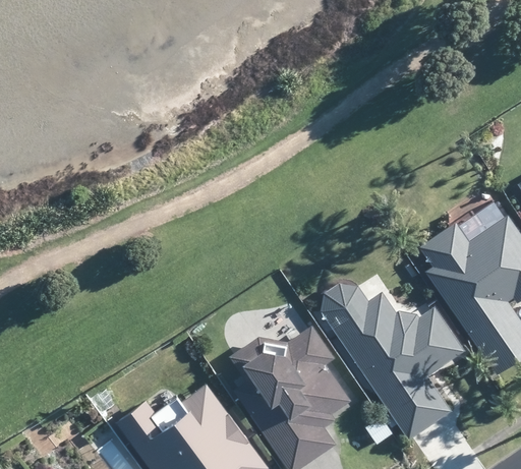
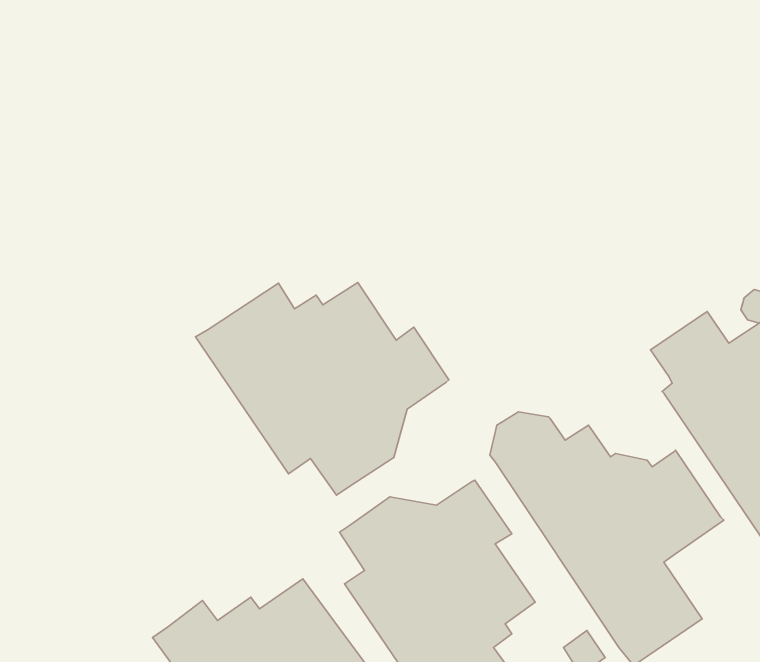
building: none -> [195,283,449,495]

